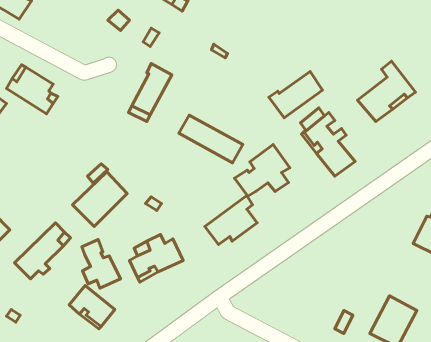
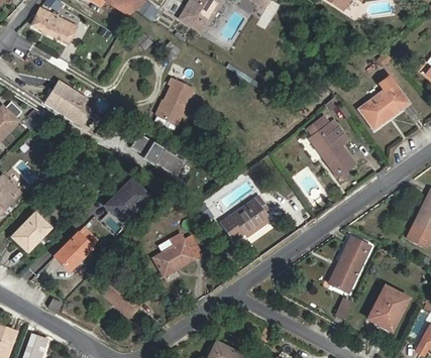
building: [269,72,323,118] -> none
building: [179,115,243,163] -> [131,132,188,174]
building: [235,144,290,196] -> none
building: [82,239,120,288] -> none
building: none -> [330,236,370,292]

